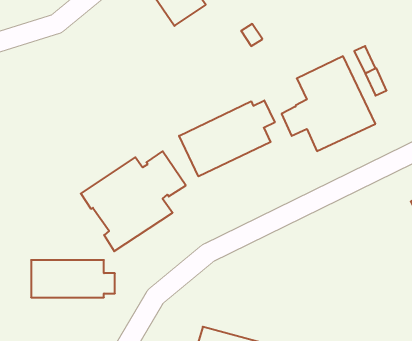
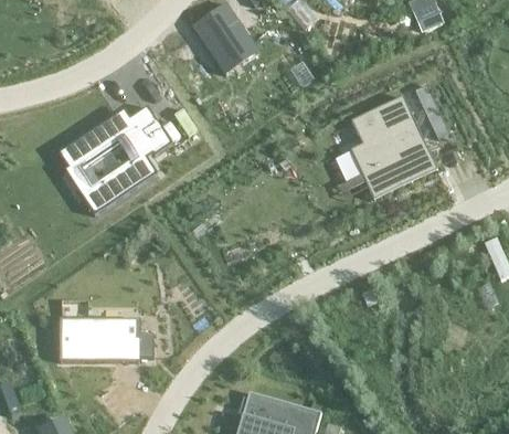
building: [179,100,275,176] -> none
building: [81,151,186,251] -> [57,106,172,215]

